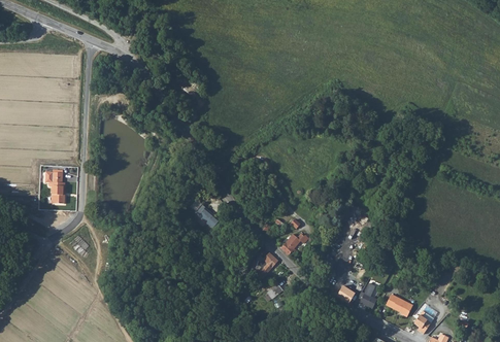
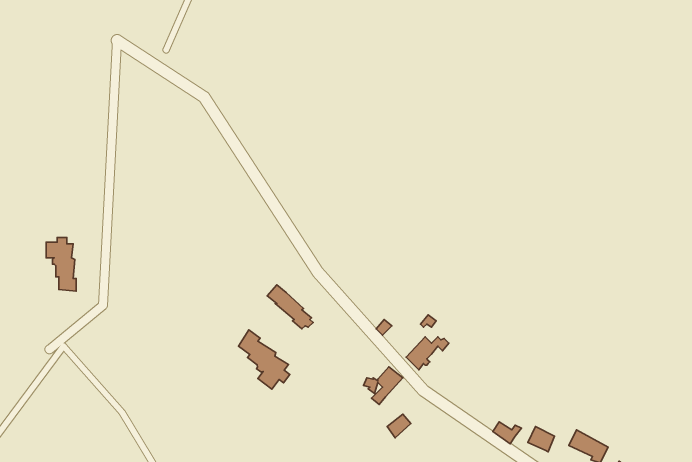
building: none -> [239,330,290,389]

